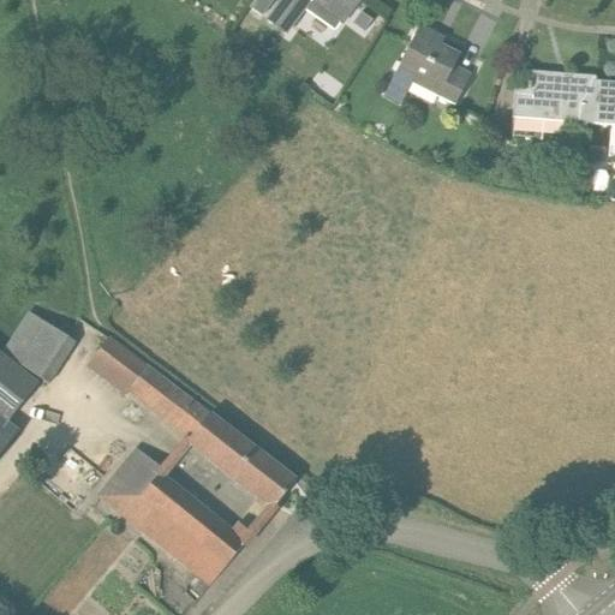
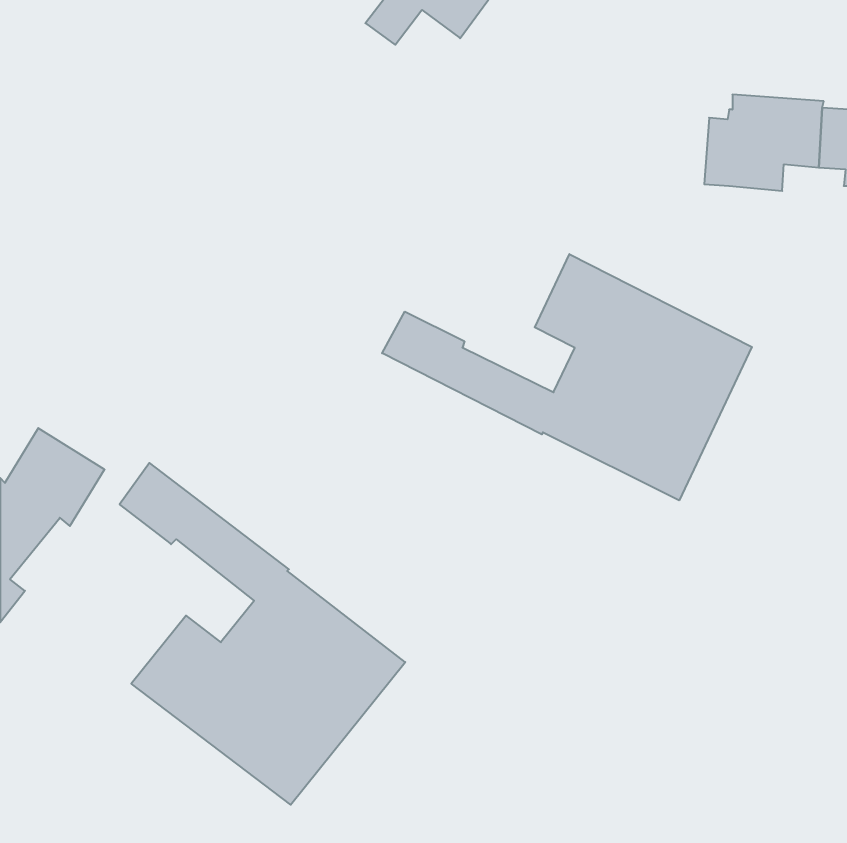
building: [384,23,472,108] -> none
building: none -> [382,254,752,500]

